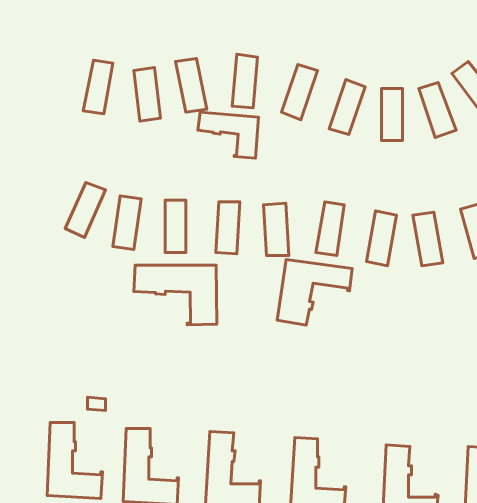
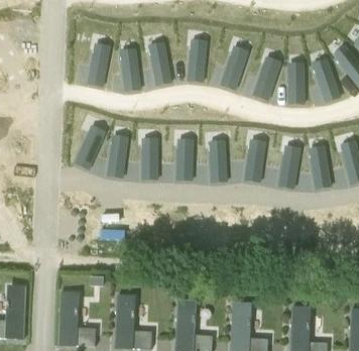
building: [198,112,258,158] -> none
building: [277,260,352,325] -> none
building: [134,265,217,325] -> none

